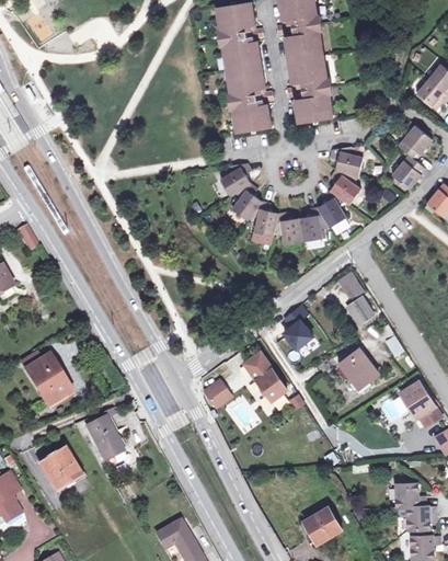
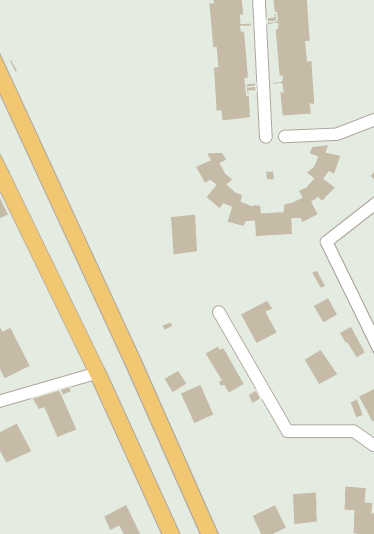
building: none -> [170,214,198,255]
building: none -> [292,492,317,525]

